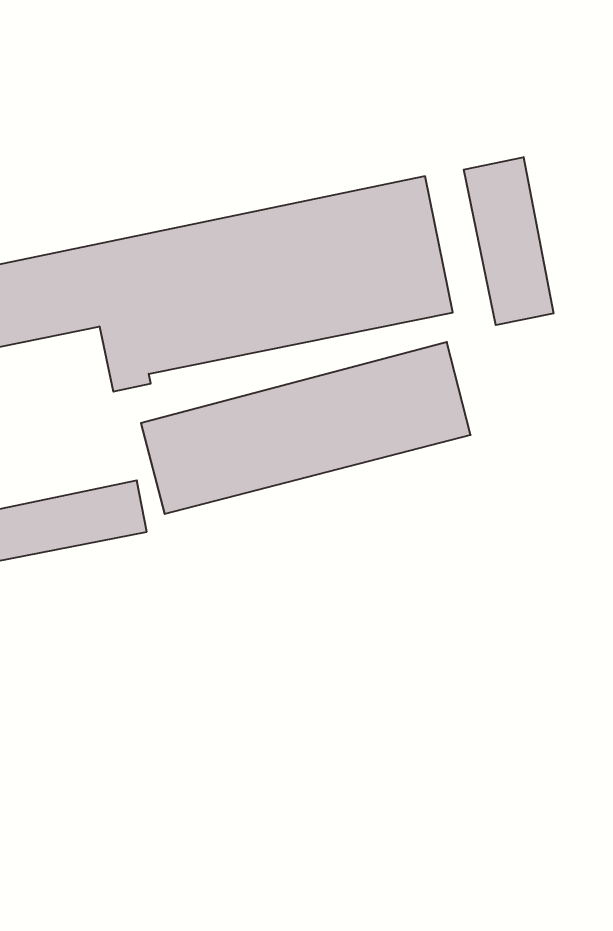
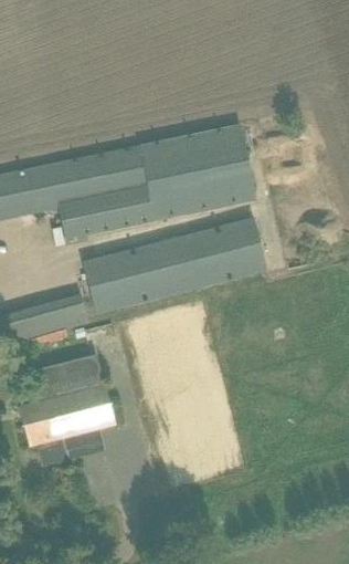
building: [464,157,554,325] -> none
building: none -> [18,352,116,453]

